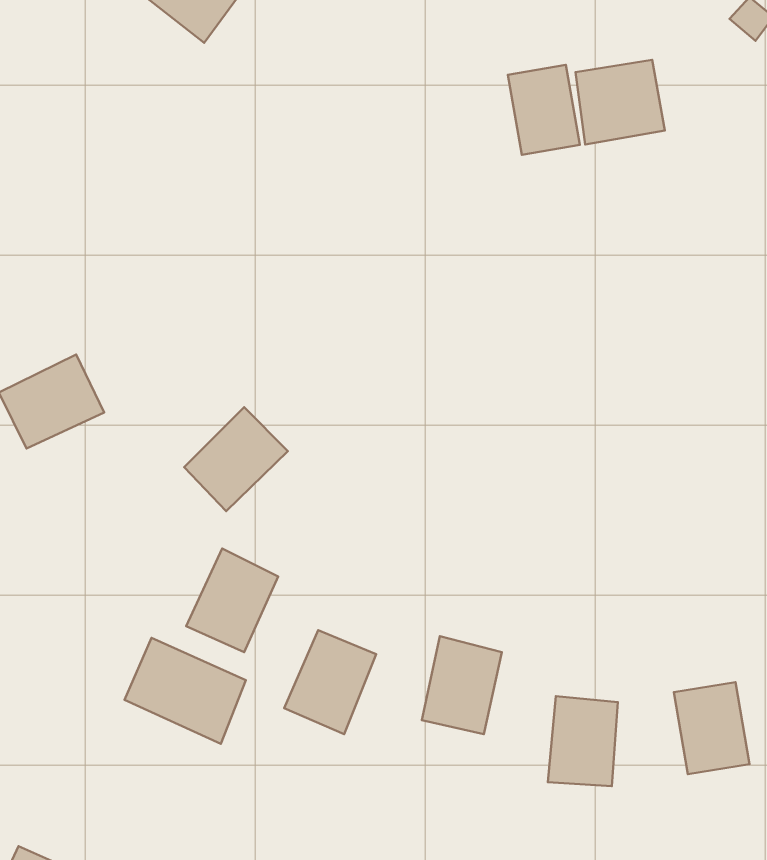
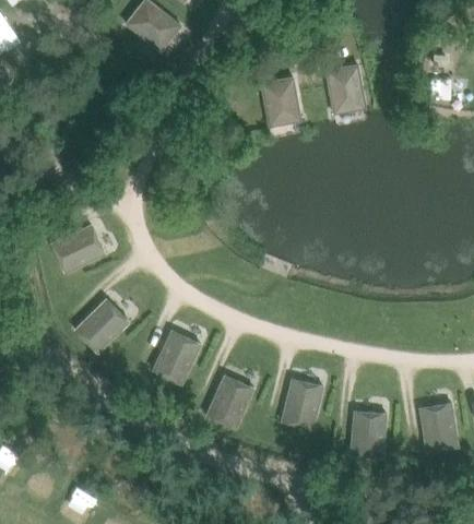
building: [576,60,665,144] -> none
building: none -> [262,76,301,127]
building: [184,407,288,511] -> [73,297,130,354]
building: [124,638,246,744] -> none

